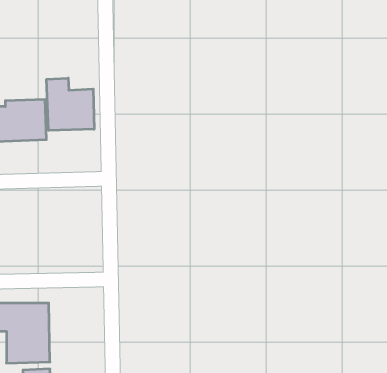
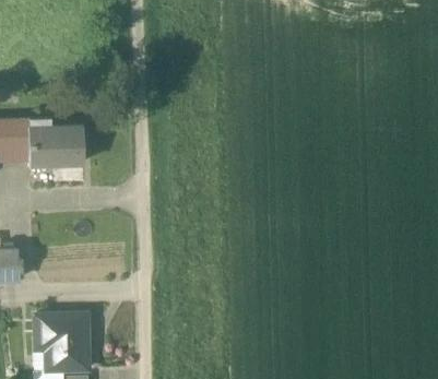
building: [47,78,94,130] -> none

